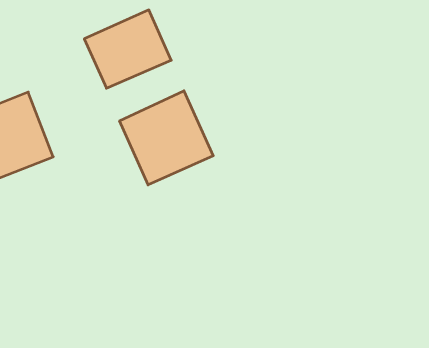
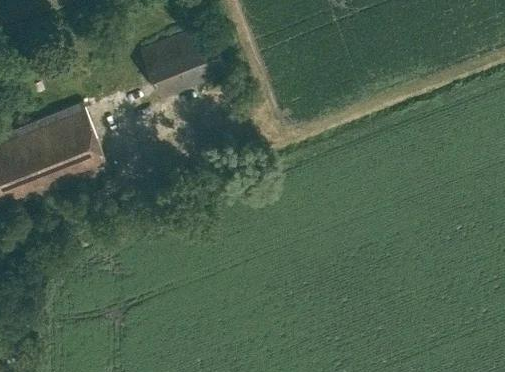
building: [120,91,213,185] -> none

